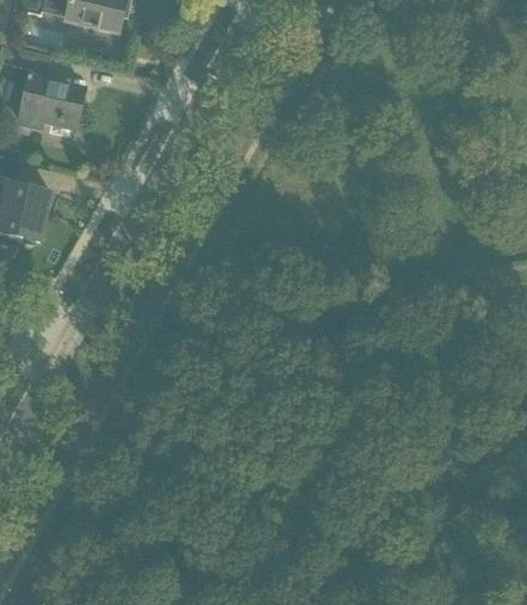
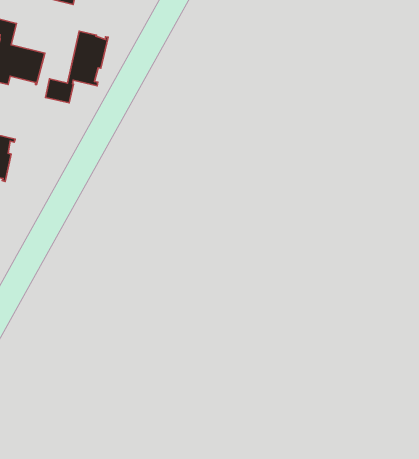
building: none -> [45,31,108,103]

